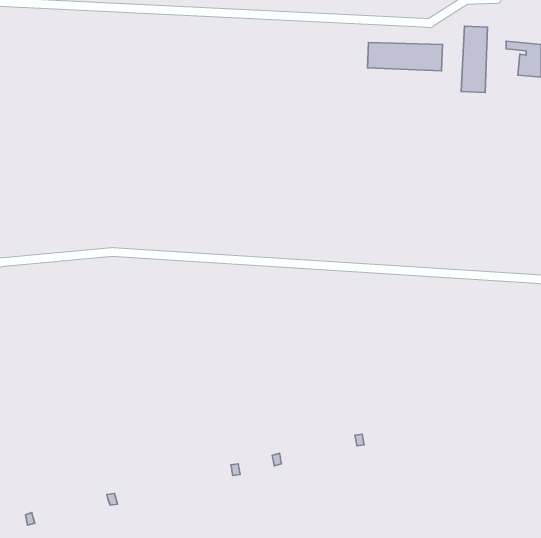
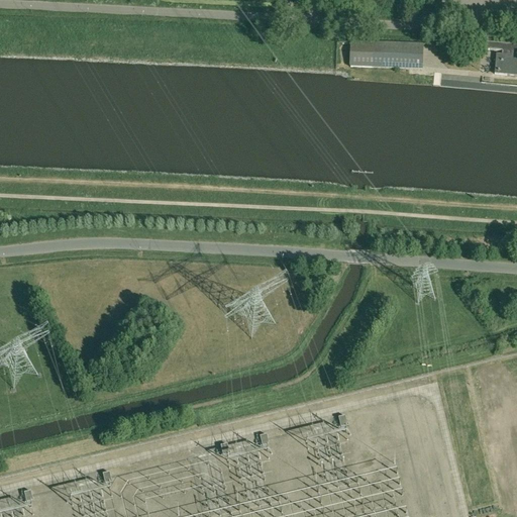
building: [461,26,487,93] -> none

